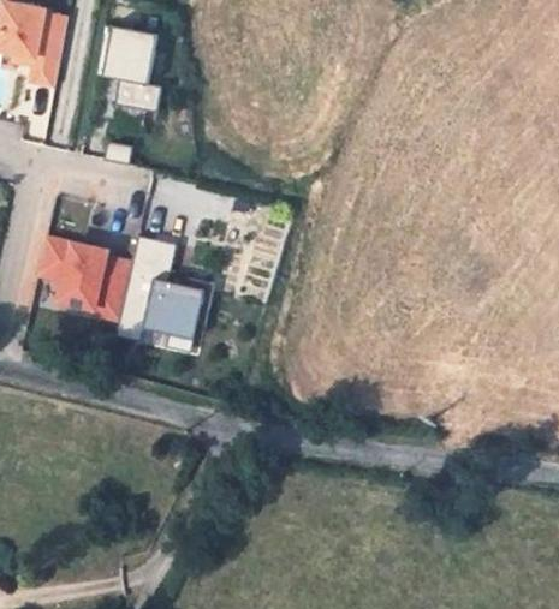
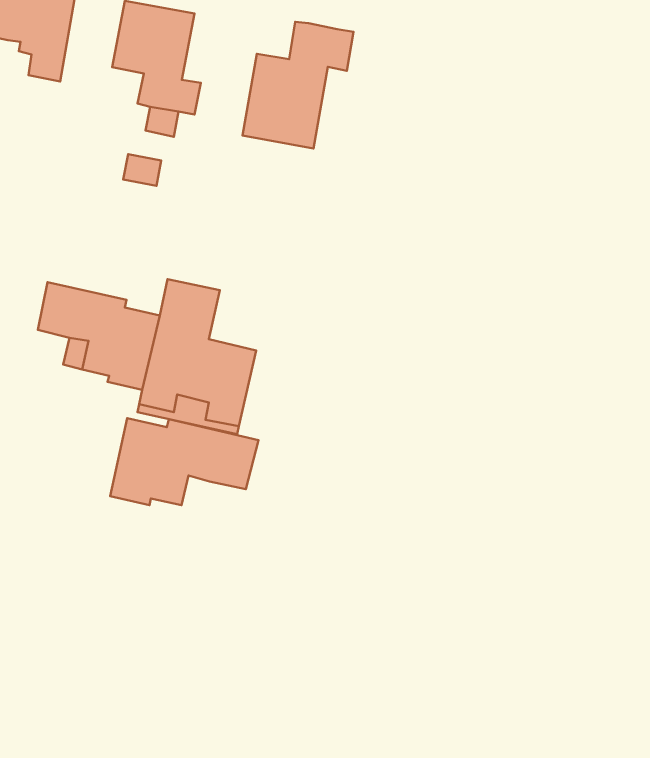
building: none -> [243,22,353,148]
building: none -> [110,418,259,505]

